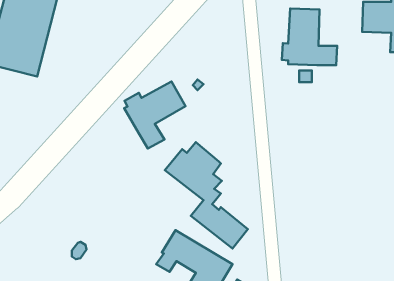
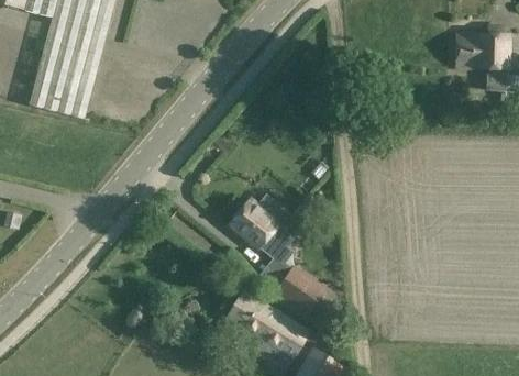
building: [282,8,337,65] -> none
building: [124,82,186,148] -> none

